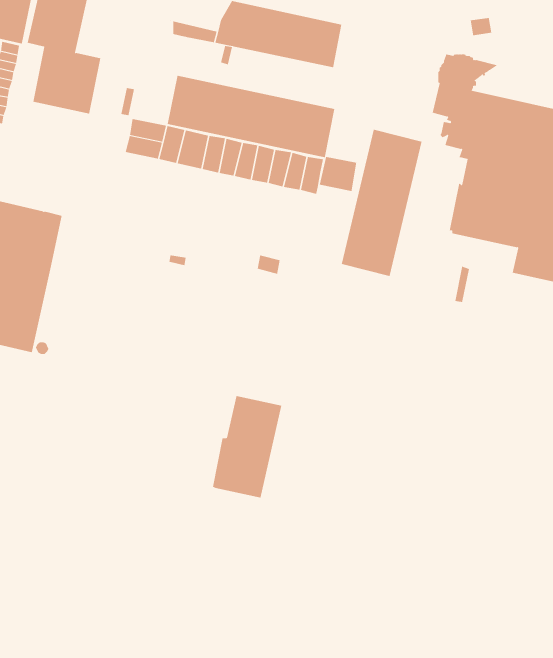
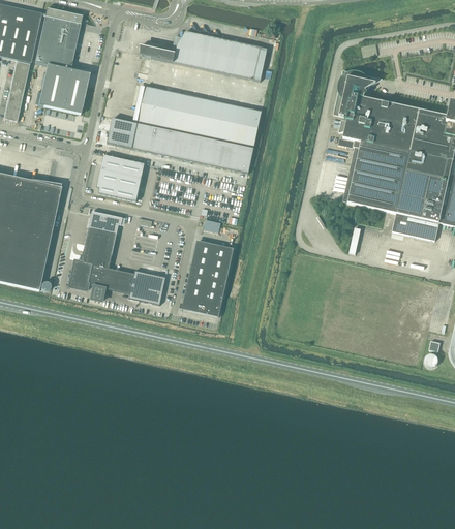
building: [341,129,422,277] -> none
building: [319,156,357,192] -> none
building: none -> [96,154,145,200]
building: none -> [69,210,165,304]
building: [212,396,282,498] -> [182,240,234,315]

